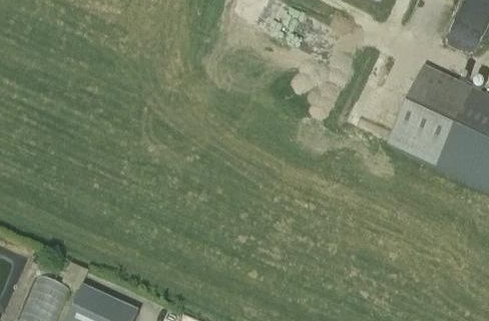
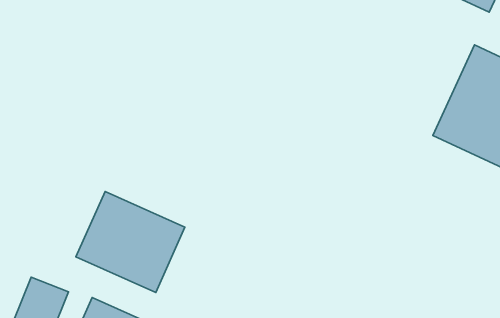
building: none -> [76,192,185,292]

